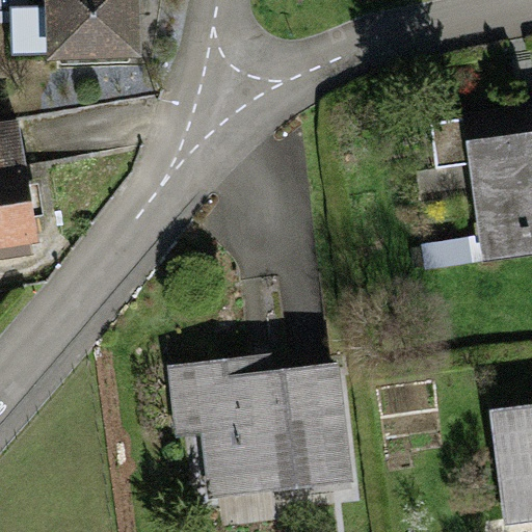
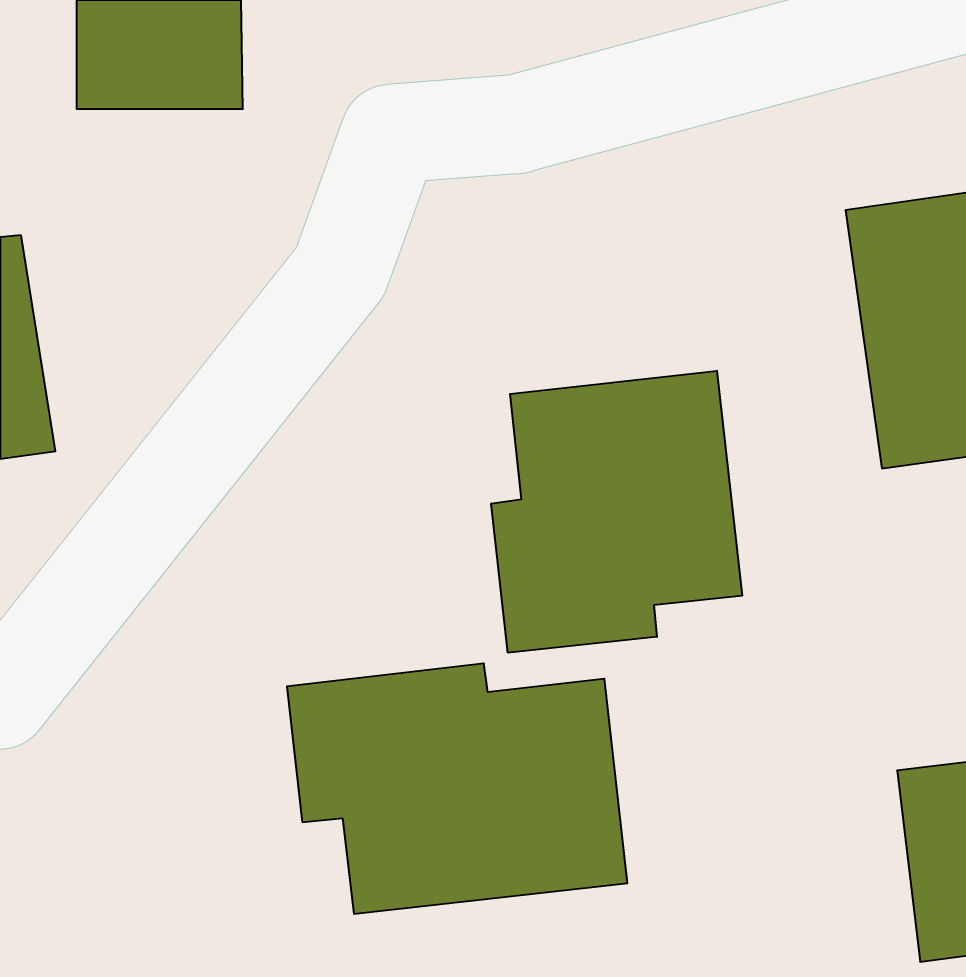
building: none -> [491,371,742,653]

